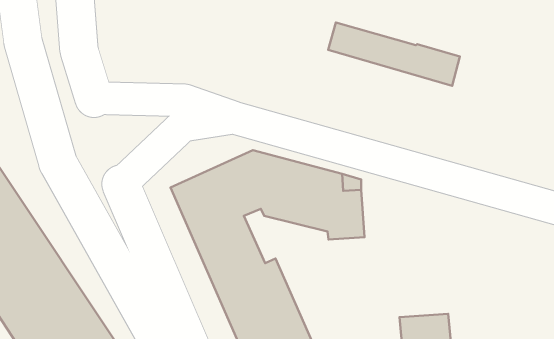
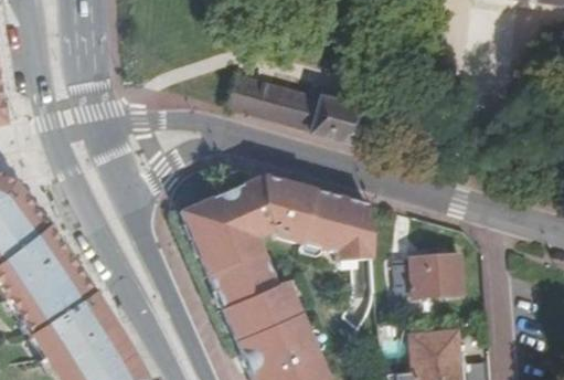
building: [328,23,460,86] -> [234,81,363,142]
building: none -> [395,256,465,300]

